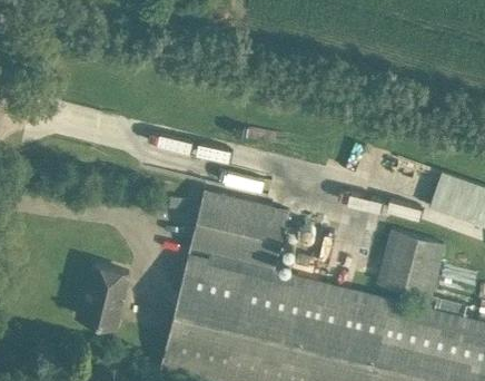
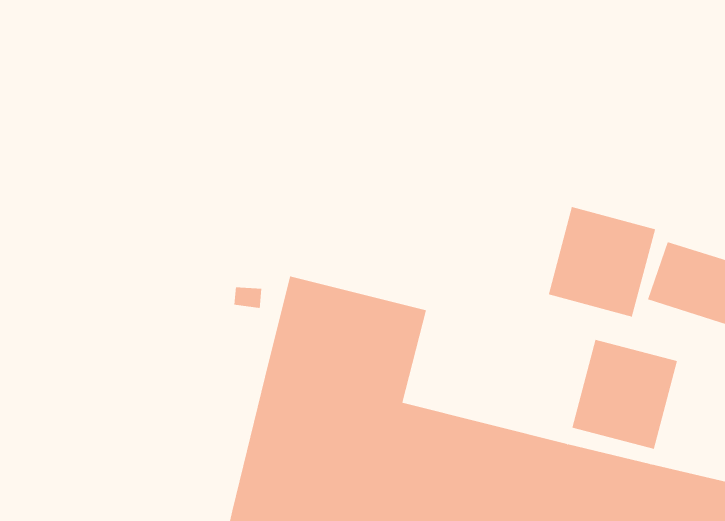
building: none -> [548,206,656,317]
building: [78,266,130,328] -> none

